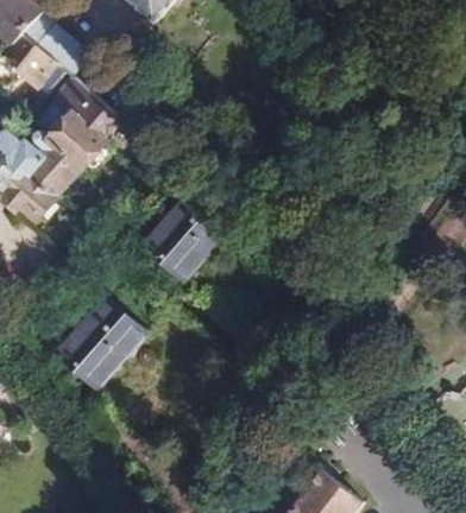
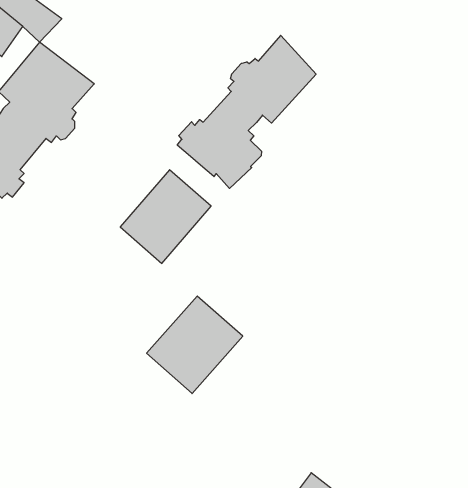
building: none -> [177,35,316,188]
building: [53,298,141,387] -> [147,296,243,394]

